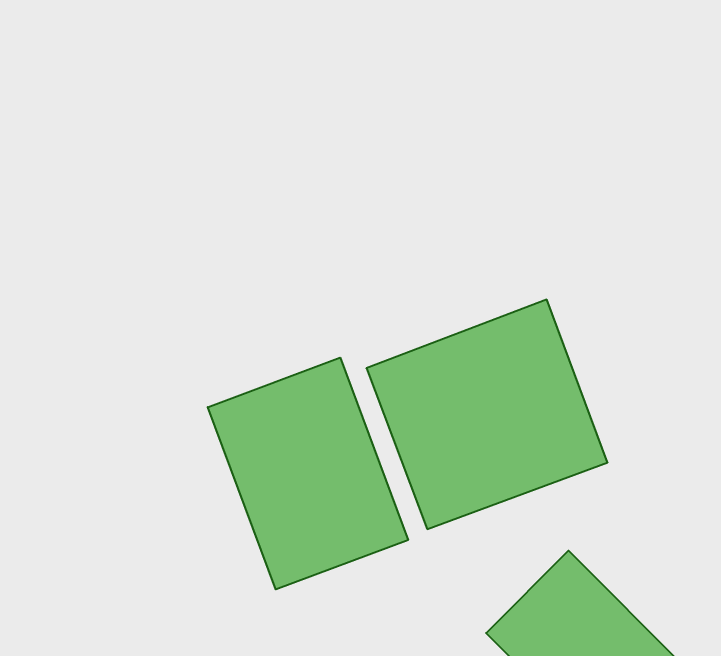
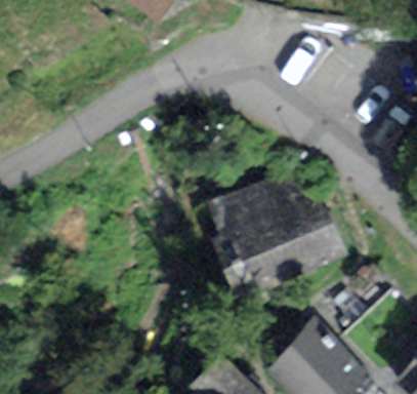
building: [208,358,408,589] -> none

